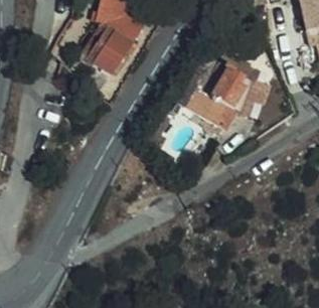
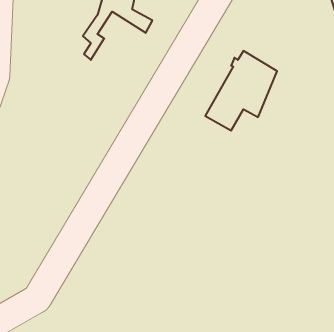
building: [89,17,138,74] -> none

